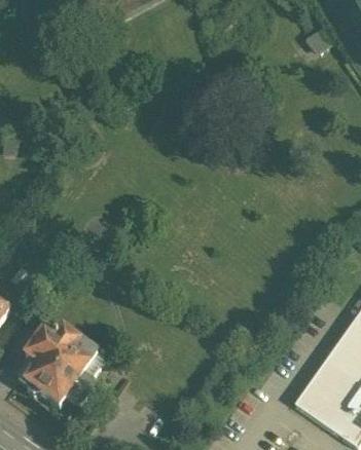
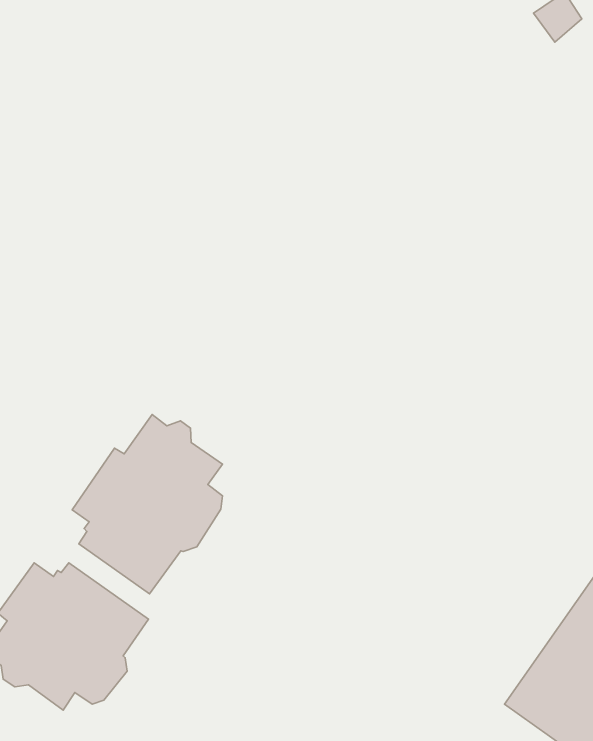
building: none -> [72,414,223,594]

